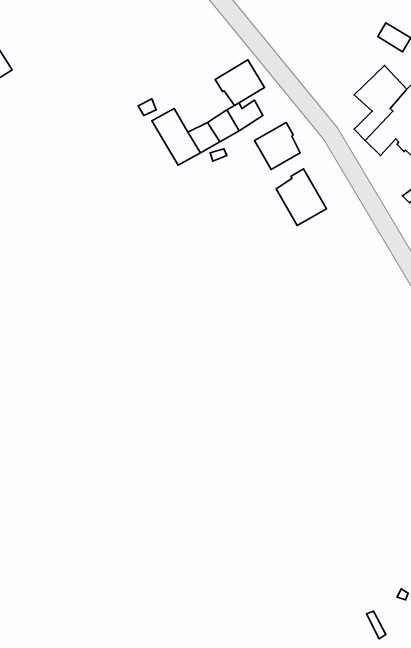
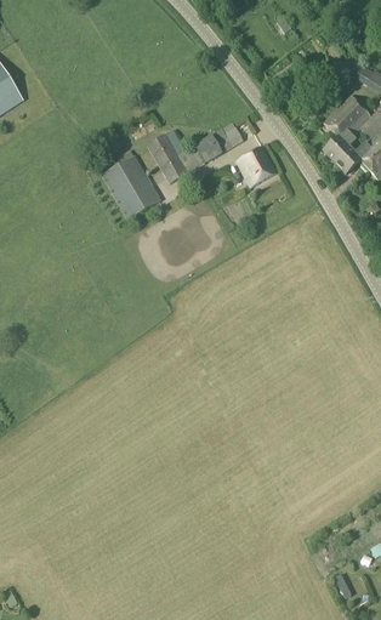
building: [215,60,264,106] -> none
building: none -> [101,153,161,218]
building: [276,169,327,226] -> none

